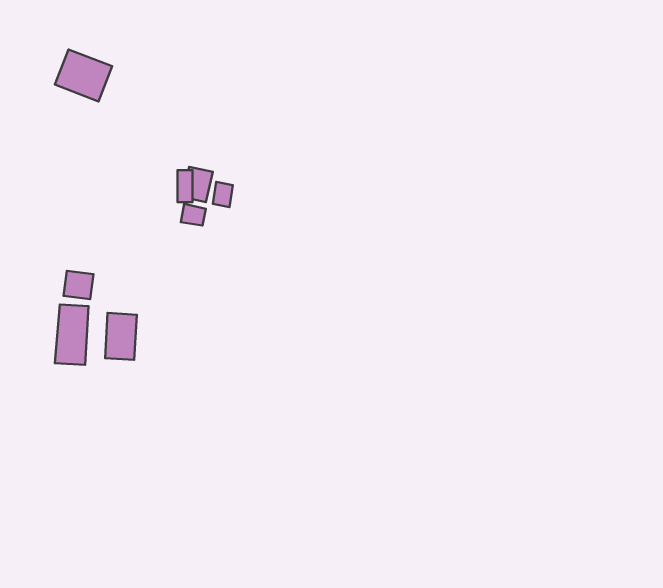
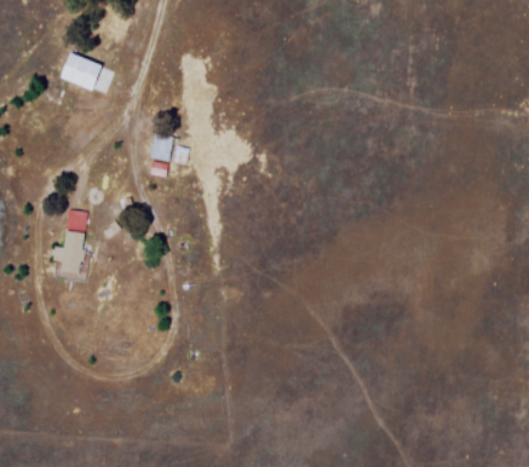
building: [105,313,137,360] -> none

